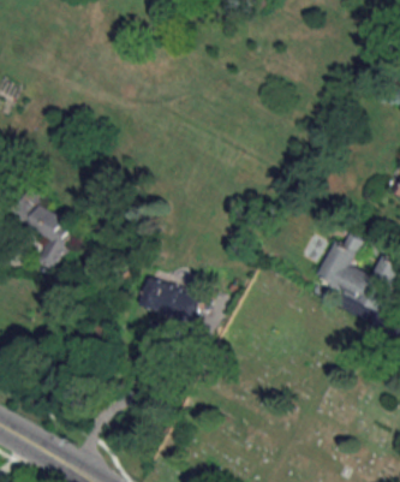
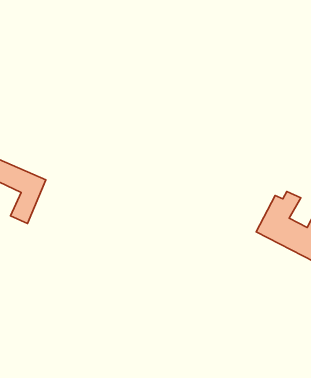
building: [139,278,203,321] -> none

